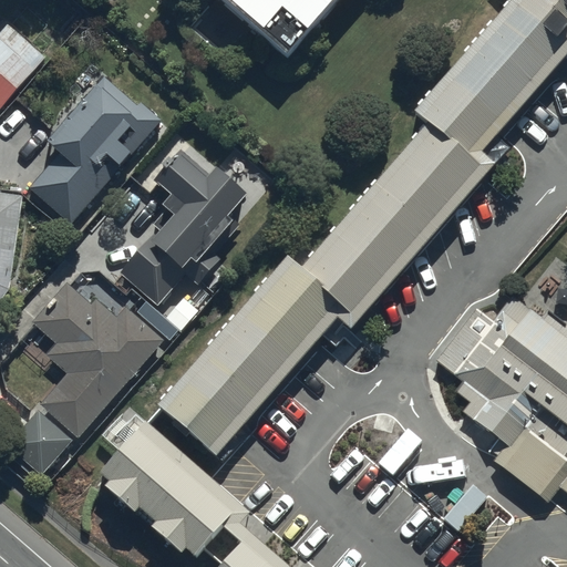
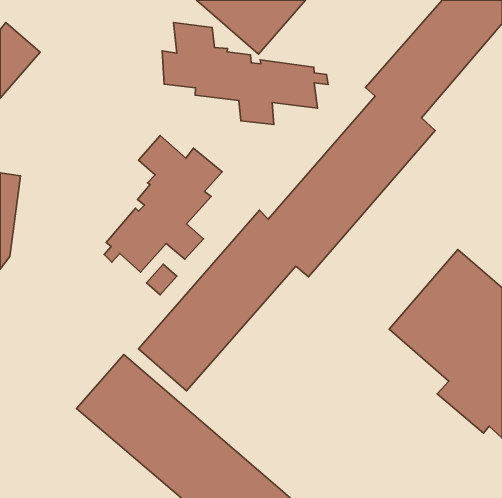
building: none -> [162,22,328,125]
building: [29,82,164,231] -> none
building: [10,288,165,481] -> none

